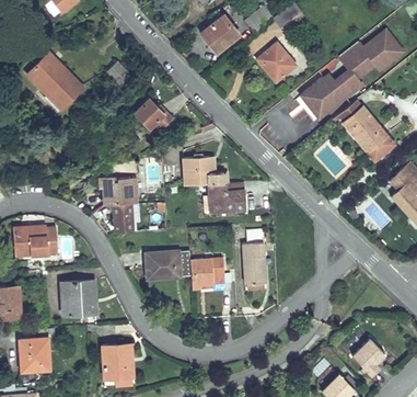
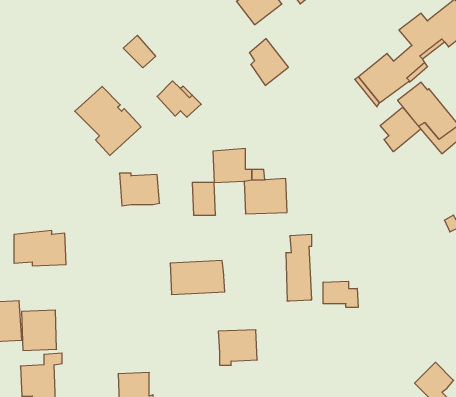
building: [263,43,296,82] -> [249,39,288,85]
building: [26,53,82,111] -> [75,86,141,155]
building: none -> [380,107,421,152]
building: [113,203,132,230] -> [192,182,216,215]
building: [190,258,223,287] -> [218,330,257,365]
building: none -> [323,281,358,307]
building: [66,280,95,314] -> [22,310,57,350]

